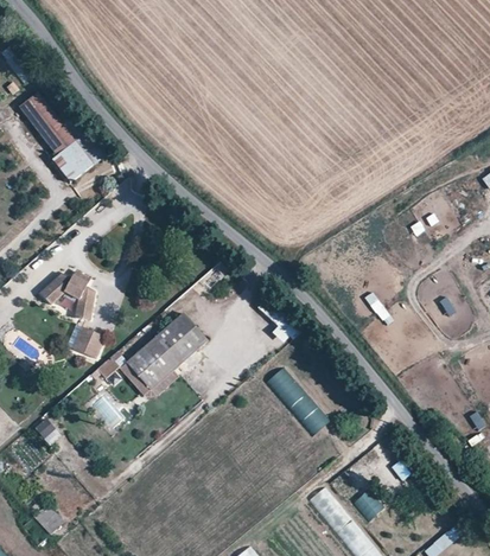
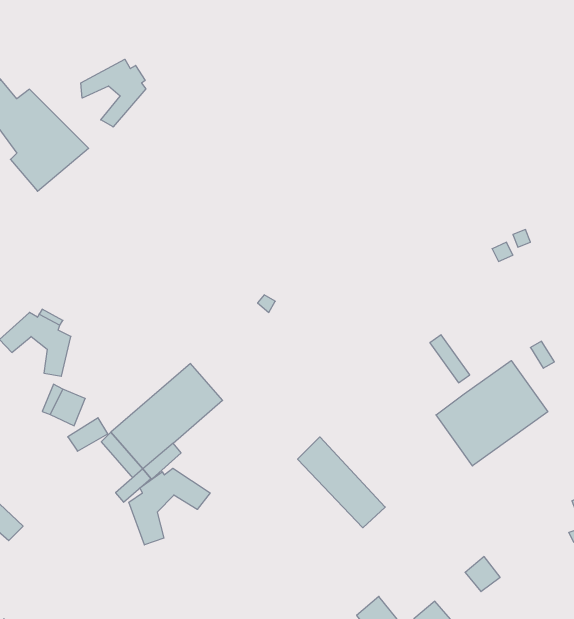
building: none -> [81,59,146,127]
building: none -> [436,361,548,466]
building: none -> [129,468,210,545]

